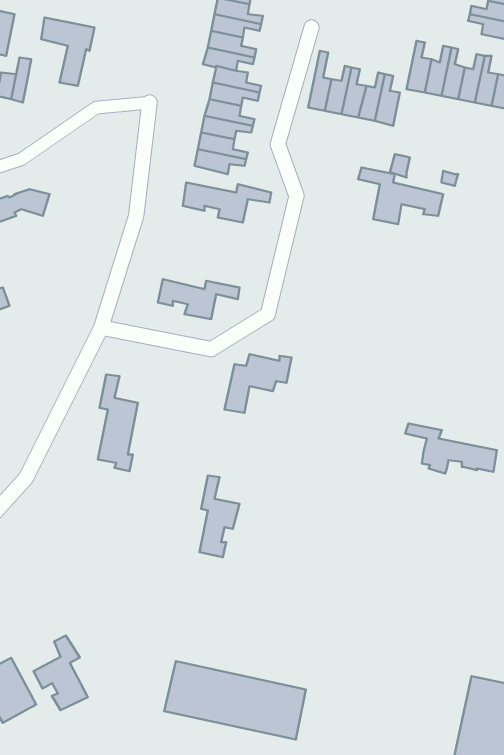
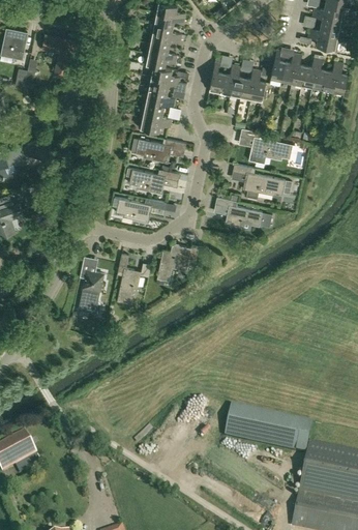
building: none -> [233,163,286,198]
building: none -> [129,168,180,193]
building: [405,423,497,473] -> [215,197,272,228]
building: [199,476,239,557] -> [117,253,142,303]
building: [33,636,88,710] -> none
building: [164,661,306,739] -> [225,405,312,453]

